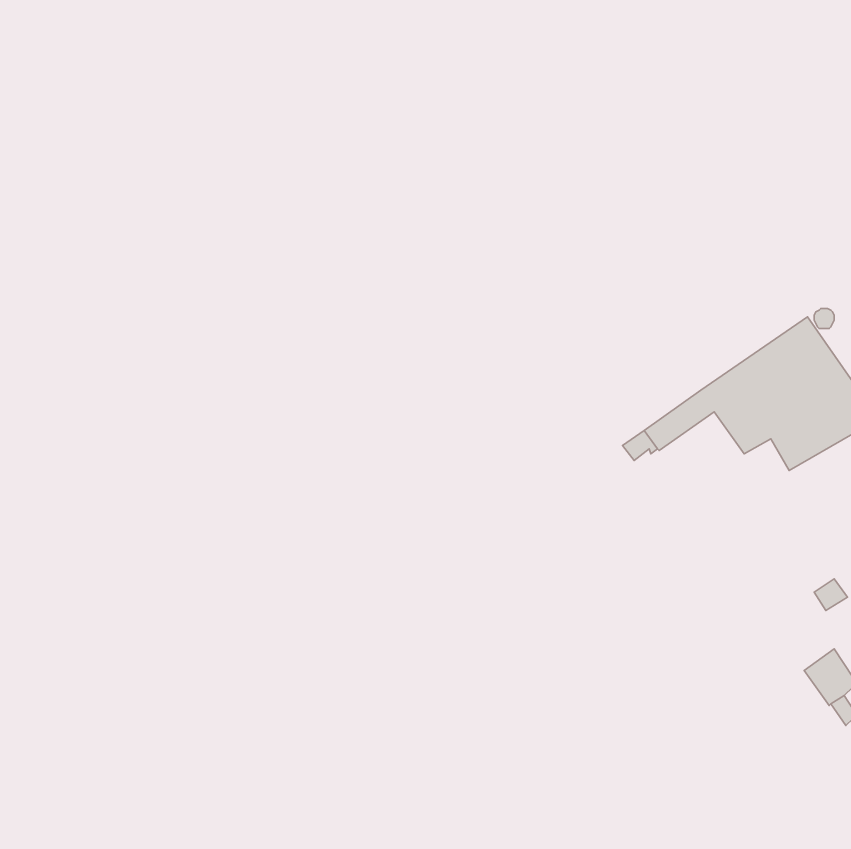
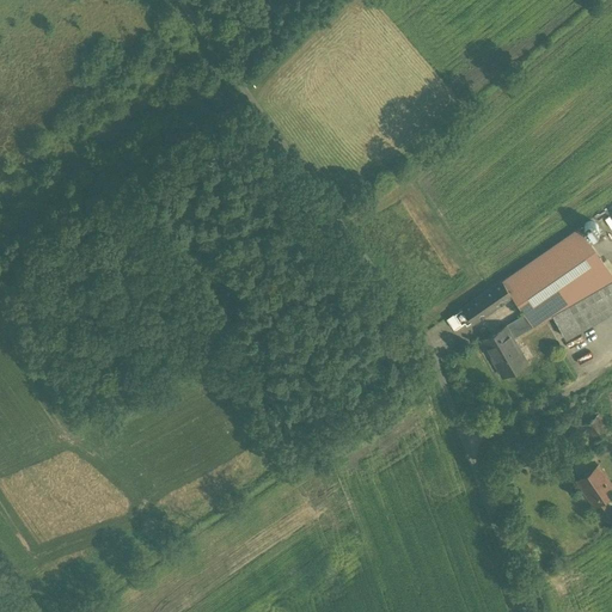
building: none -> [483,328,528,379]

